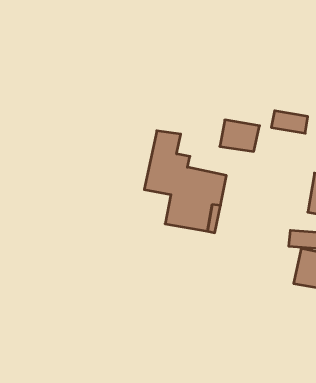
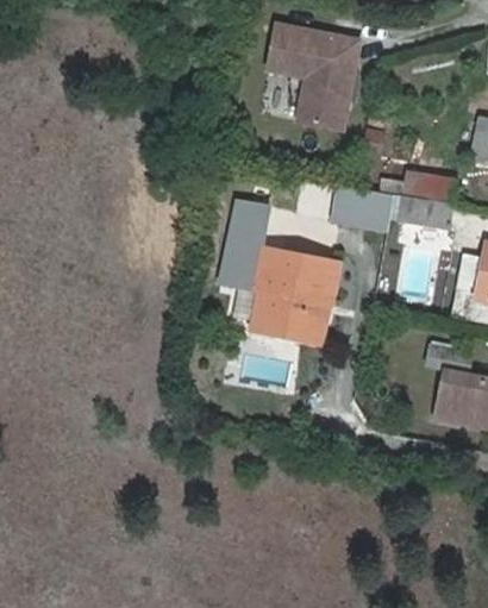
building: none -> [265,32,356,134]
building: none -> [400,194,452,227]

